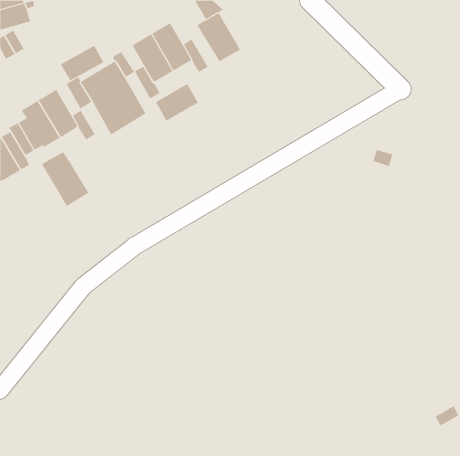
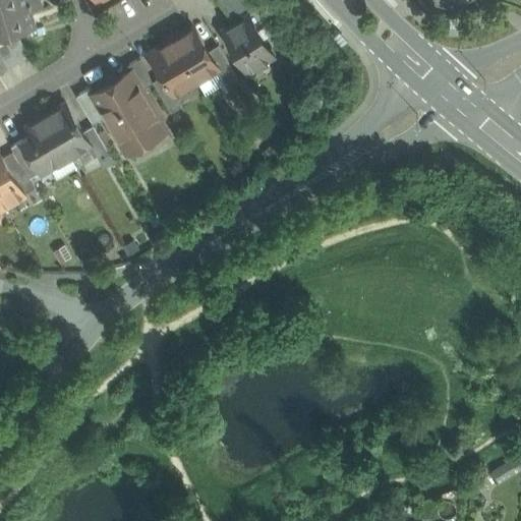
building: [60,45,104,81] -> none
building: [155,83,199,121] -> none
building: [41,151,89,207] -> none

